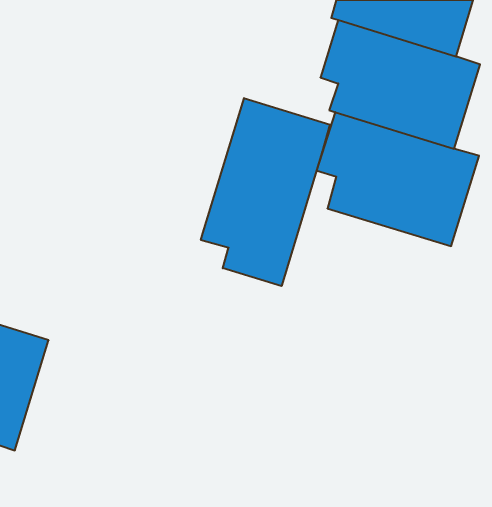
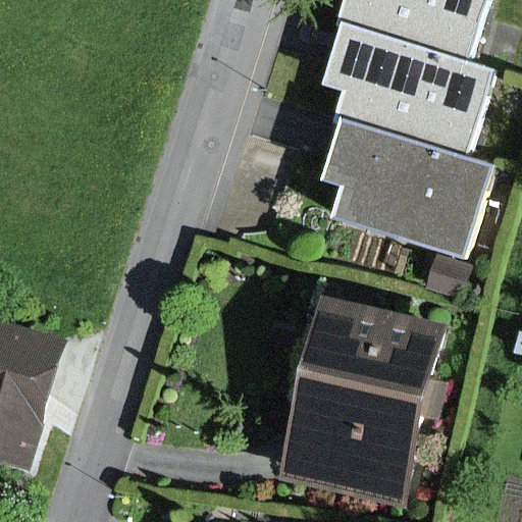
building: [201,98,330,286] -> none
building: none -> [288,312,428,502]

